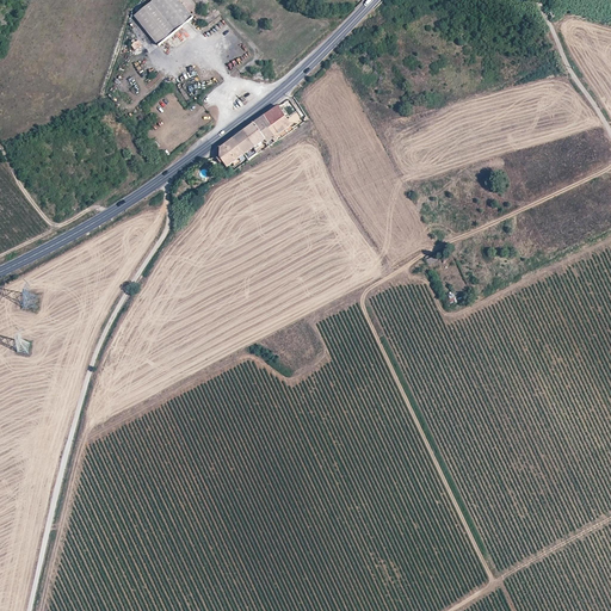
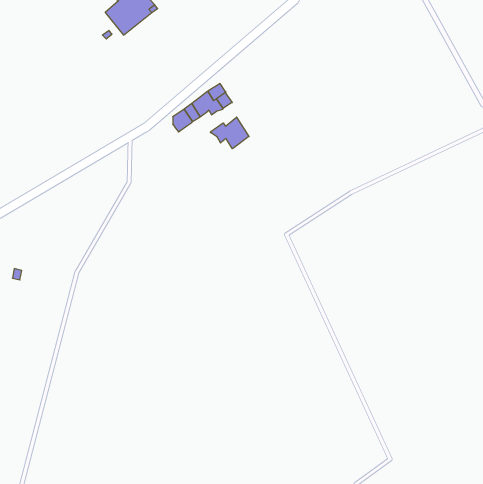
building: none -> [210,117,249,149]

